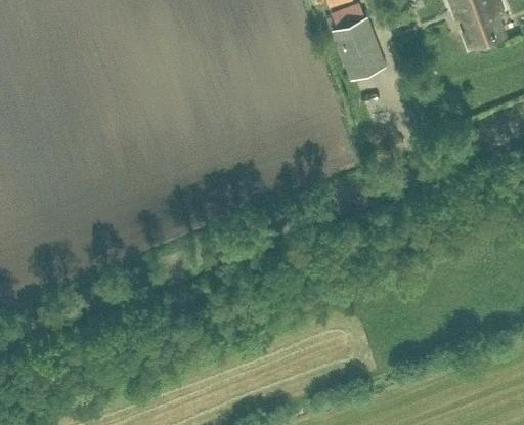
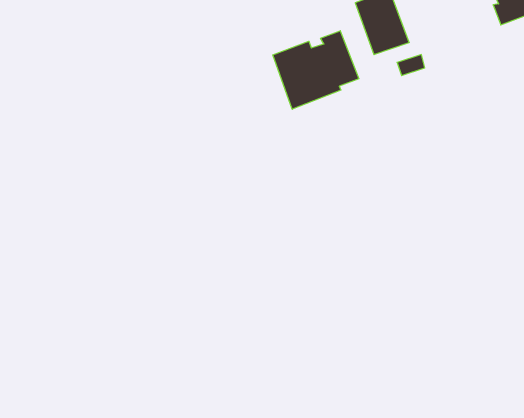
building: none -> [273,31,359,109]

